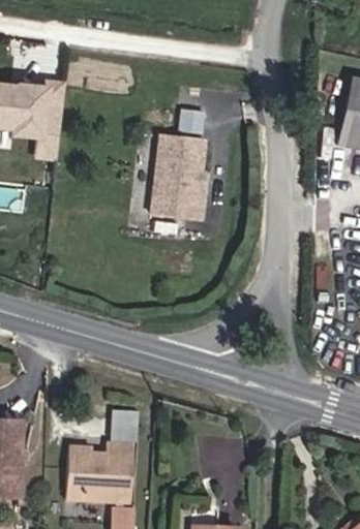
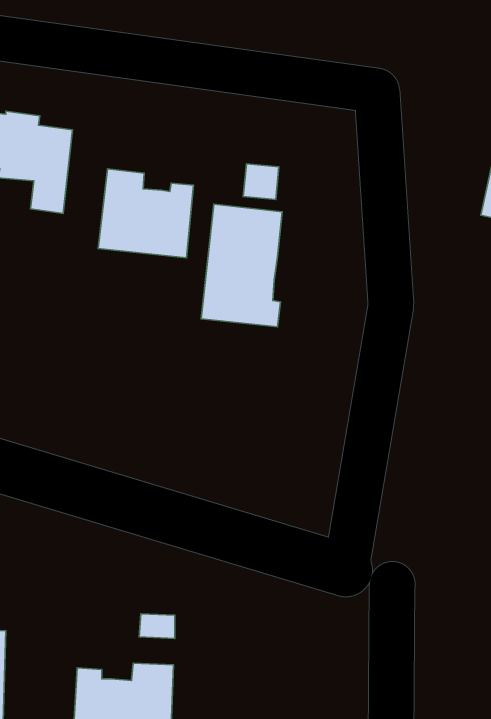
building: none -> [98,169,194,258]

